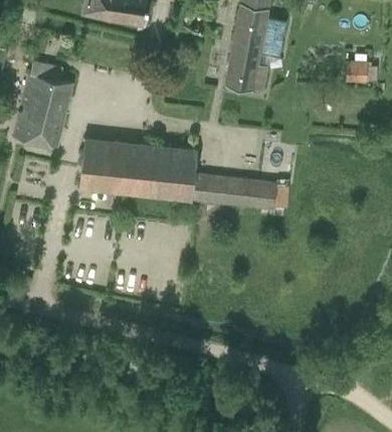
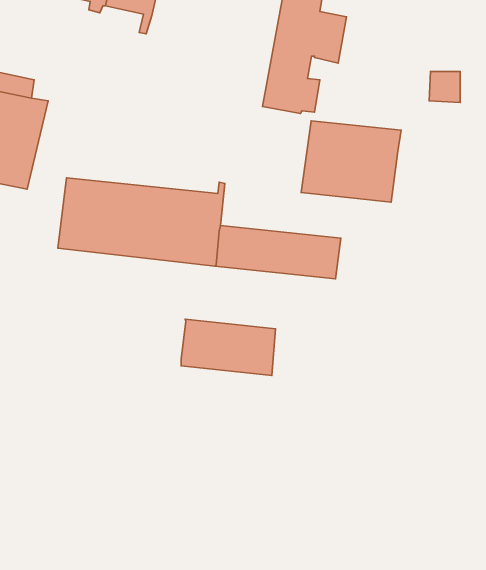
building: none -> [301,121,401,202]
building: none -> [181,319,276,375]

